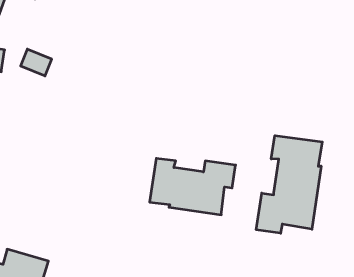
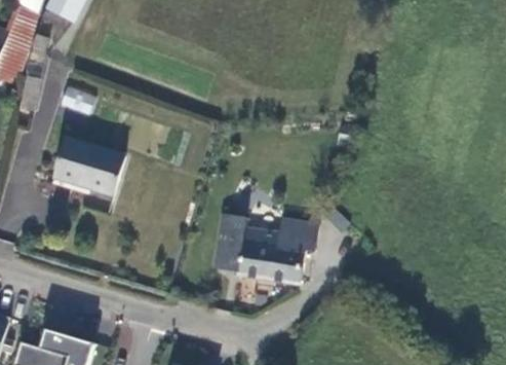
building: none -> [55,146,121,198]
building: [256,136,322,233] -> none

